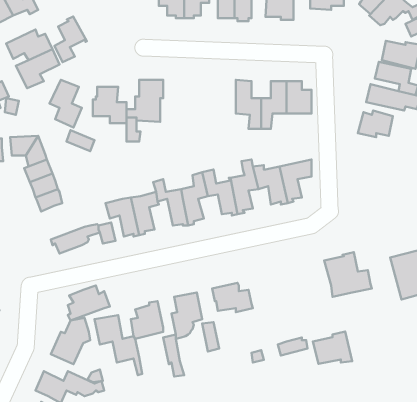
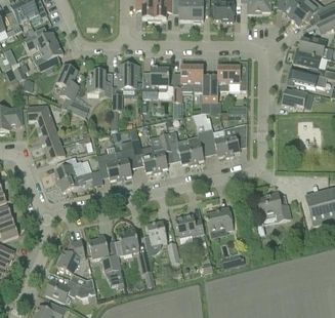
building: [55,17,87,62] -> none
building: none -> [142,65,169,96]
building: none -> [173,65,192,102]
building: [68,286,110,321] -> [54,156,85,182]
building: [313,332,352,364] -> [205,206,234,230]

